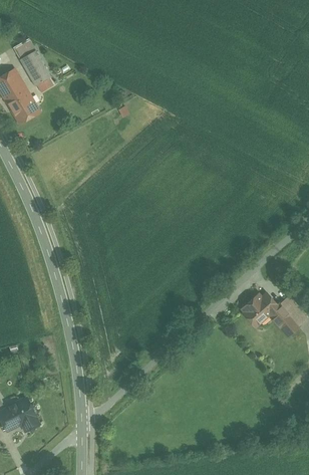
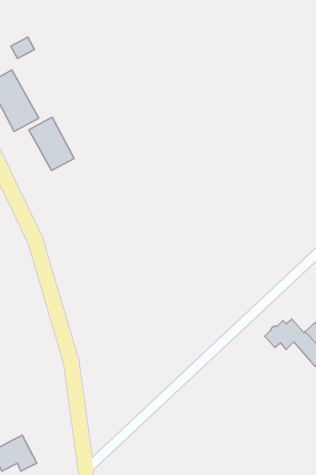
building: [21,52,51,87] -> none
building: none -> [29,117,74,170]

